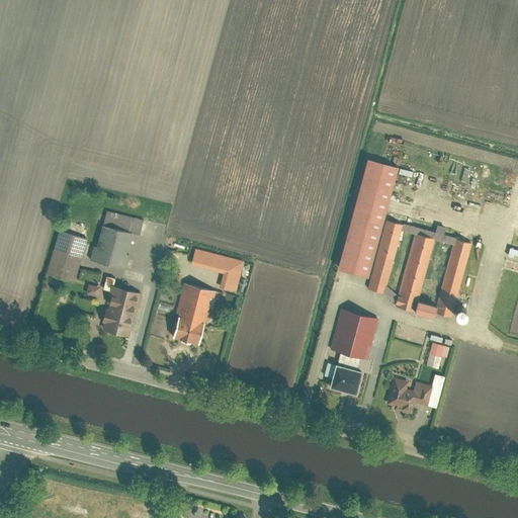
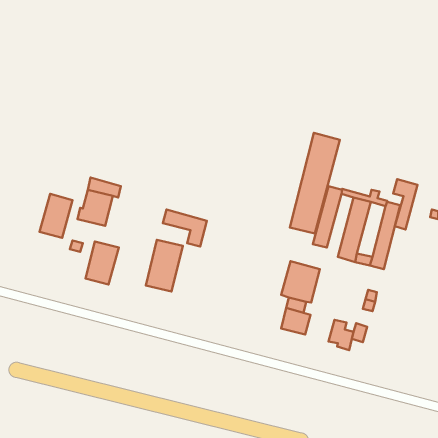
building: none -> [393,179,417,229]

